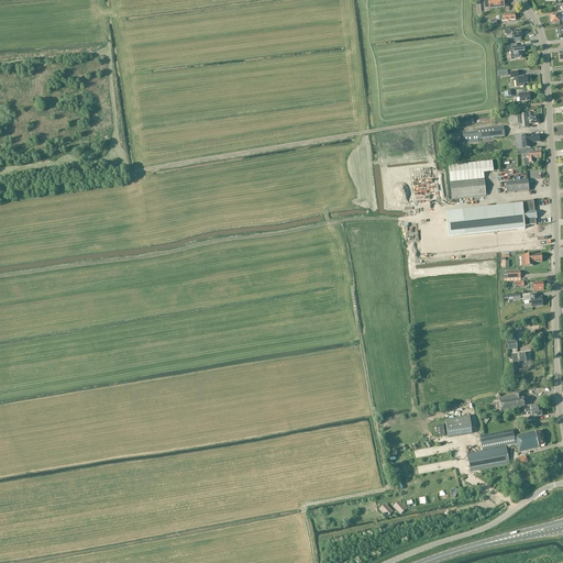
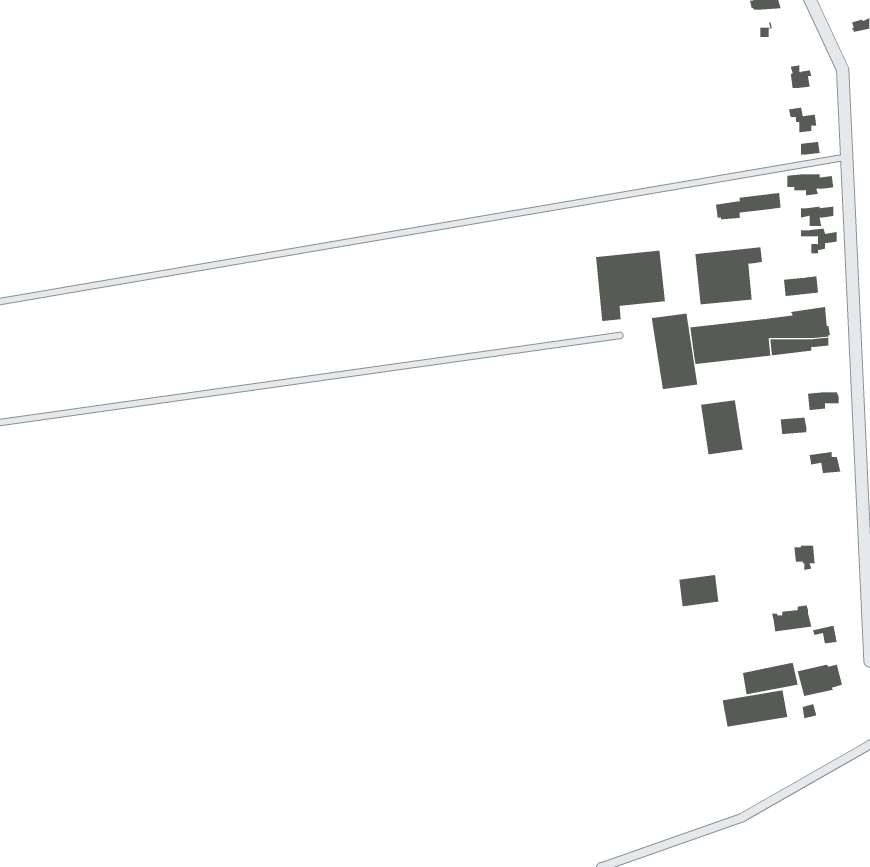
building: none -> [595,250,665,322]
building: none -> [651,313,698,390]
building: none -> [700,399,743,455]
building: [445,415,472,435] -> [678,574,719,607]

